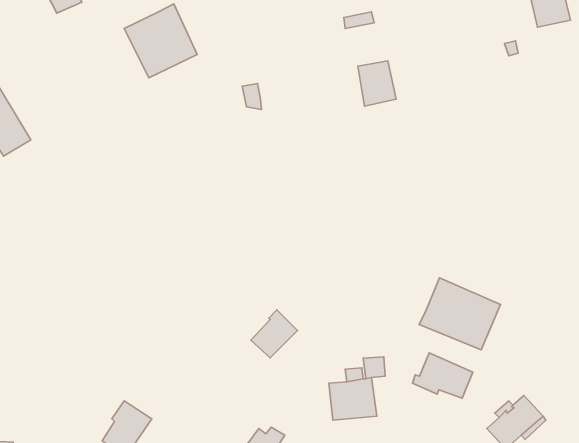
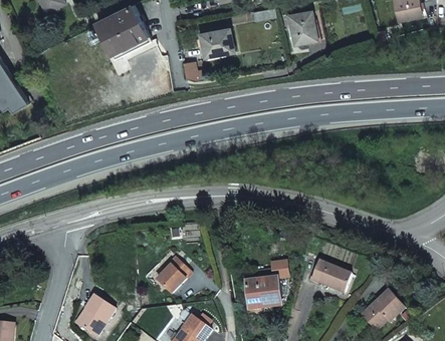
building: none -> [200,29,233,58]
building: [358,61,396,106] -> [289,12,317,45]
building: [419,278,500,350] -> none
building: [251,310,298,358] -> [157,258,191,293]

